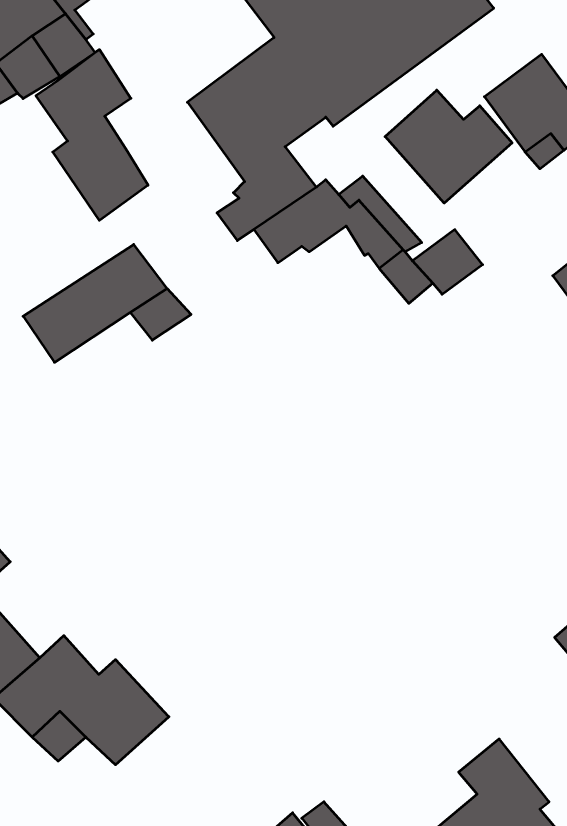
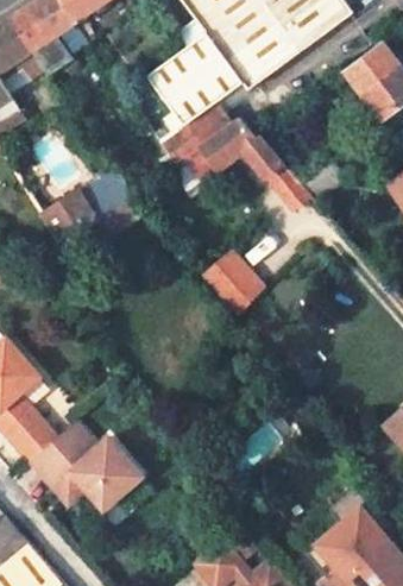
building: [36,50,148,220] -> none
building: [385,90,512,203] -> none
building: none -> [201,245,262,309]

